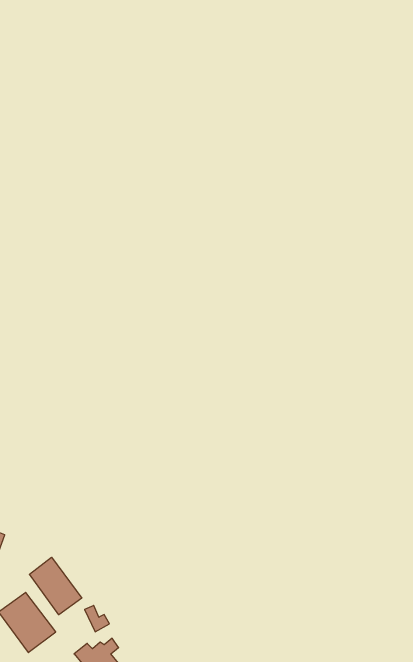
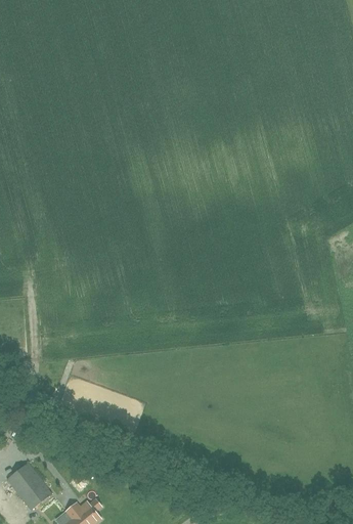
building: [29,557,82,615] -> none

